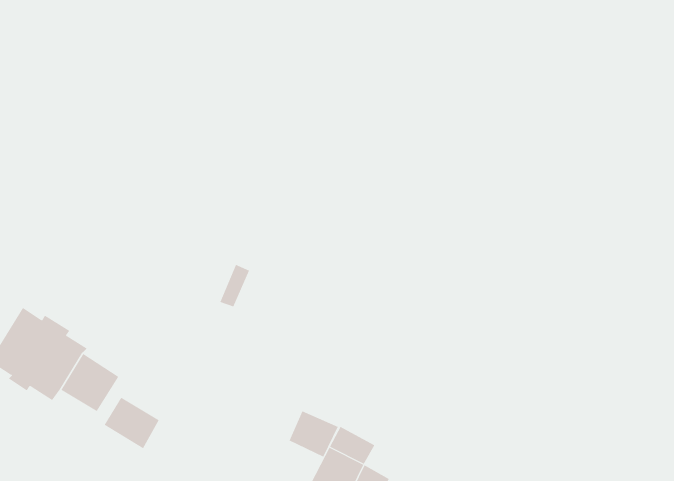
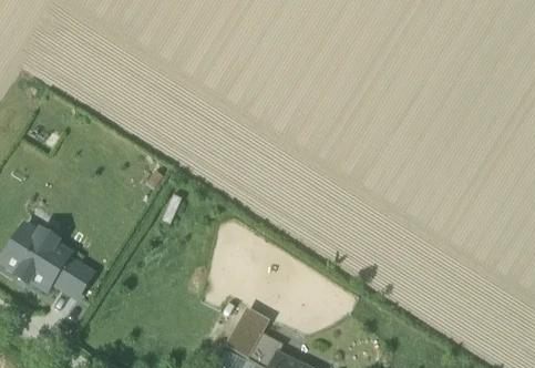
building: [104,397,160,449] -> none
building: [289,410,338,458] -> none

